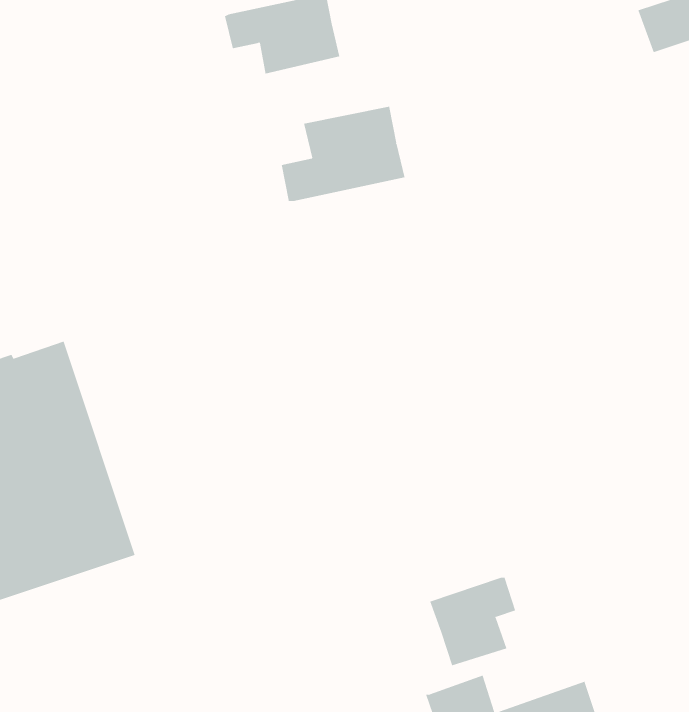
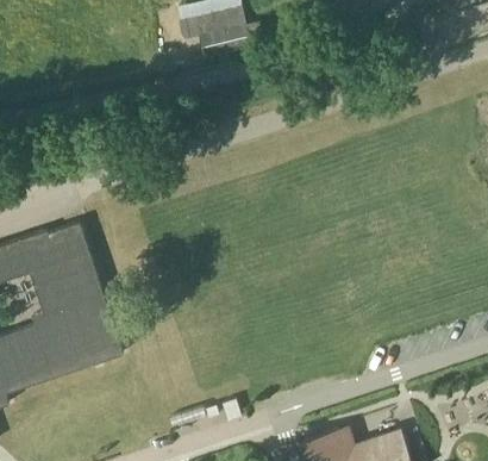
building: [281,106,405,202] -> none
building: [429,577,516,666] -> none

